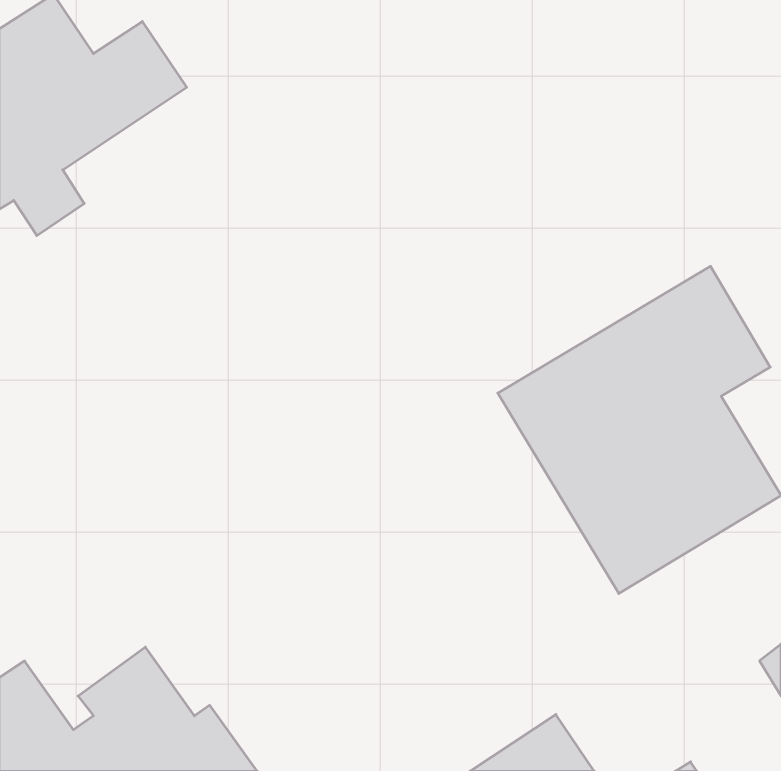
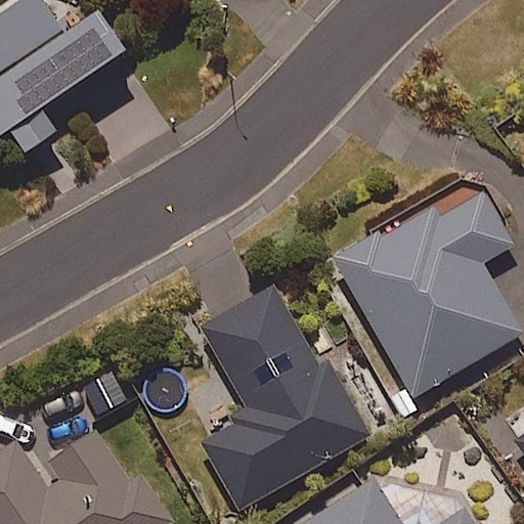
building: none -> [194,290,368,512]

